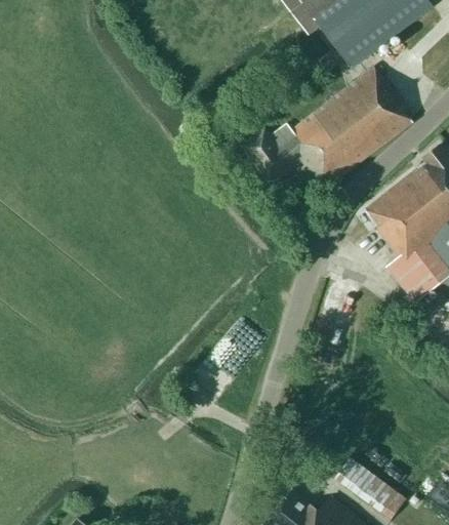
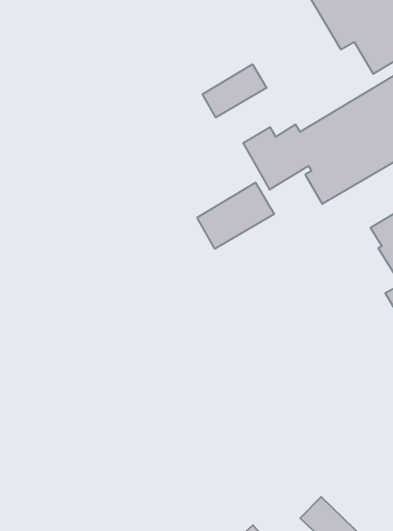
building: none -> [203,64,267,118]
building: none -> [197,183,274,249]

